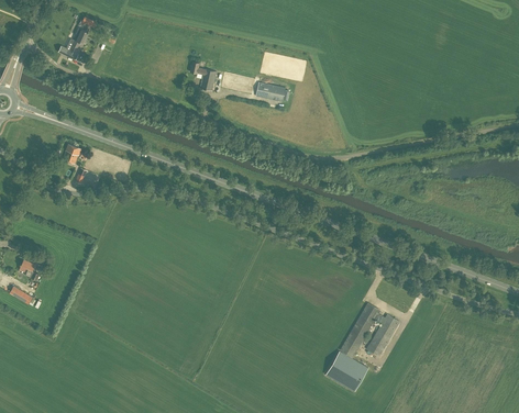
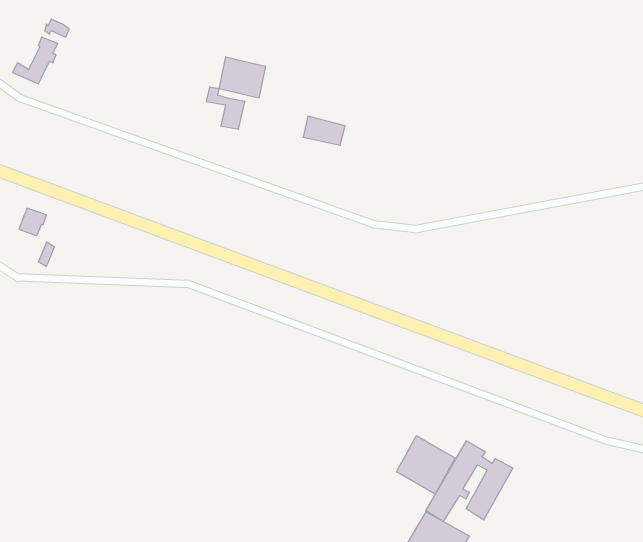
building: none -> [219,57,266,98]
building: none -> [397,436,455,494]

